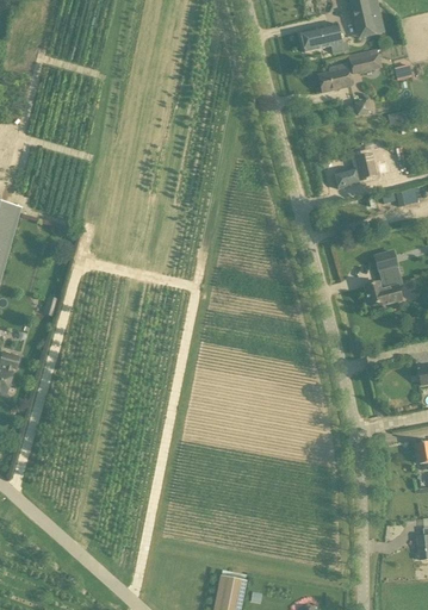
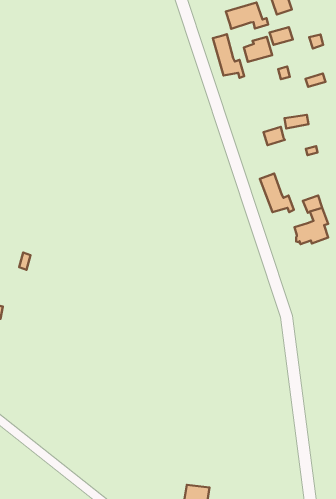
building: none -> [213,34,244,78]
building: none -> [260,173,294,212]

